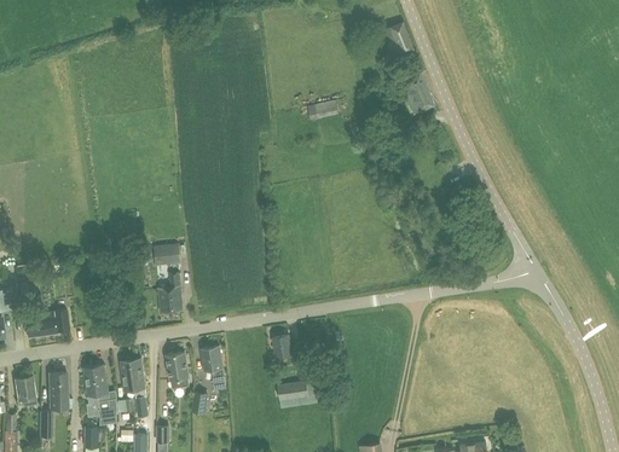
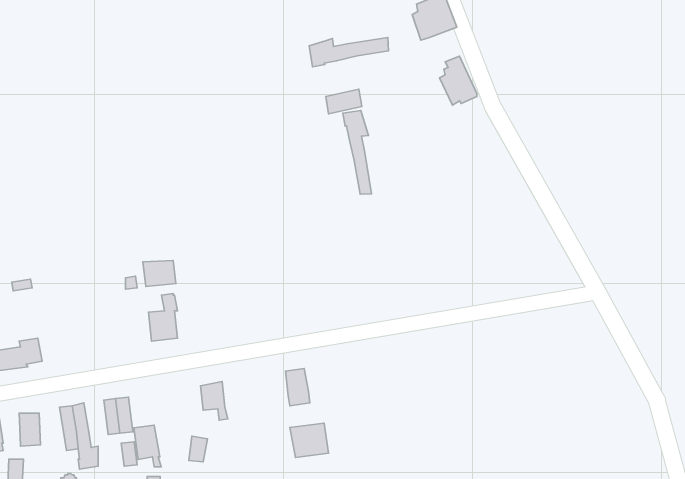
building: none -> [309,37,389,67]
building: none -> [343,111,372,194]
building: [166,352,189,387] -> [134,425,161,467]

